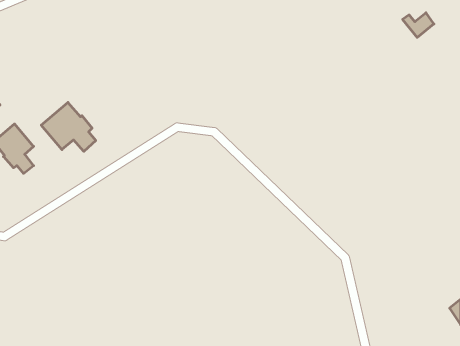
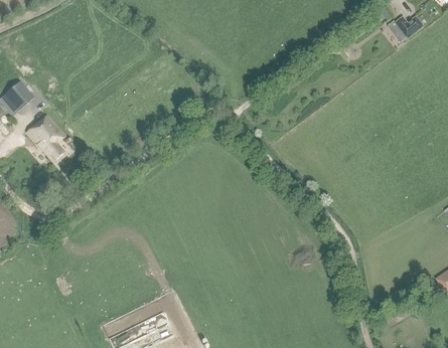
building: [41,102,96,151] -> none

